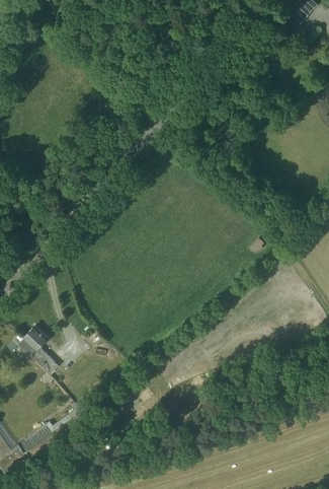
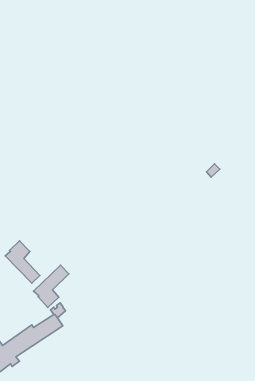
building: none -> [34,265,69,307]

